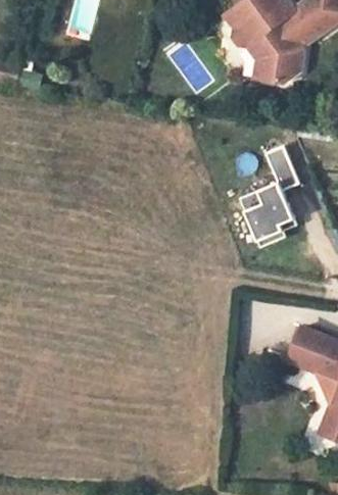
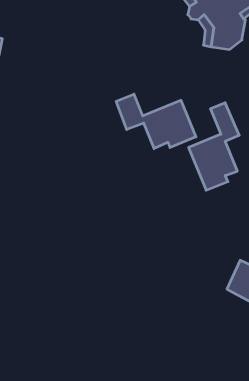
building: none -> [116,94,196,149]

